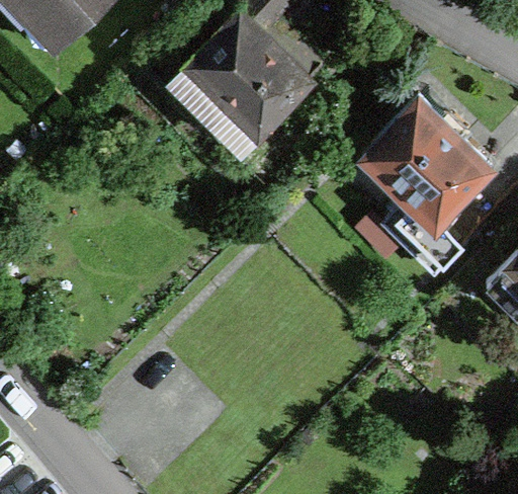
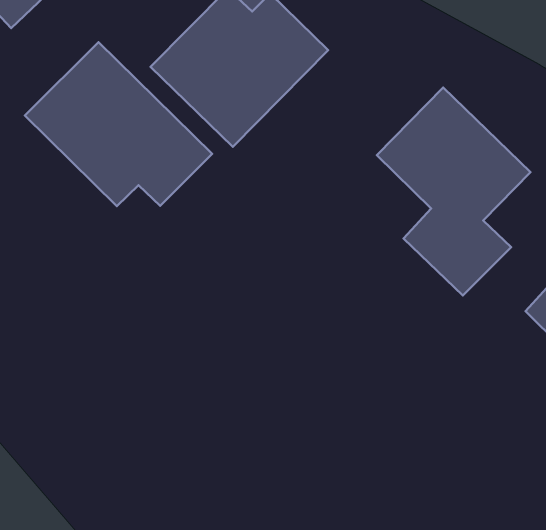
building: none -> [25,42,212,206]

